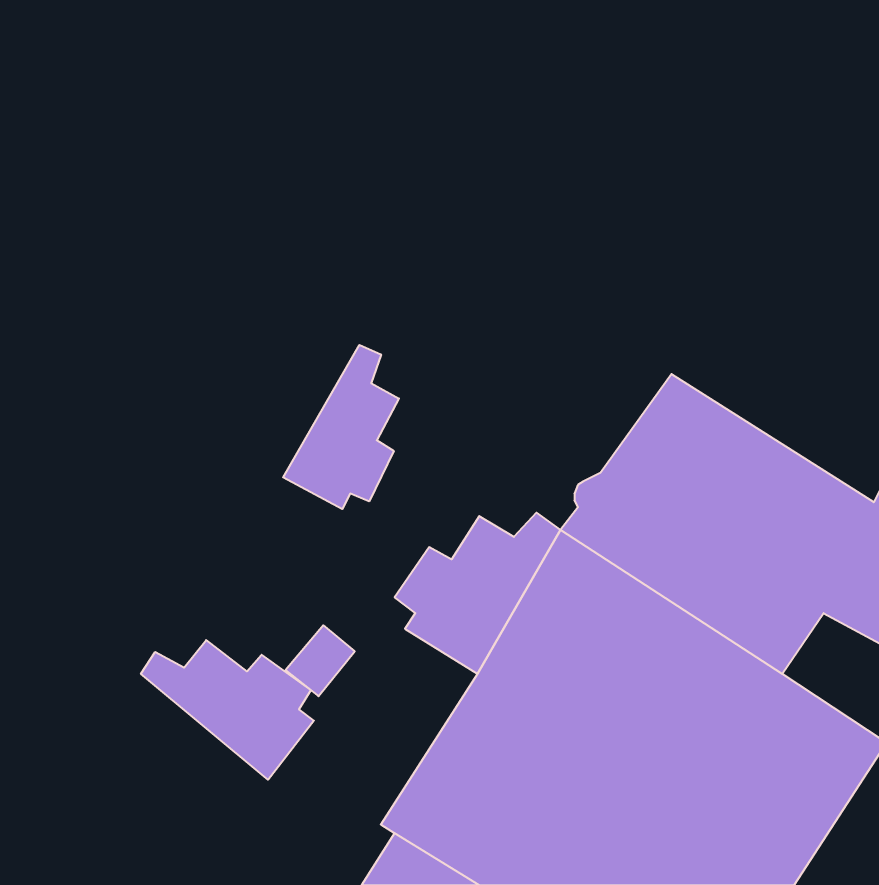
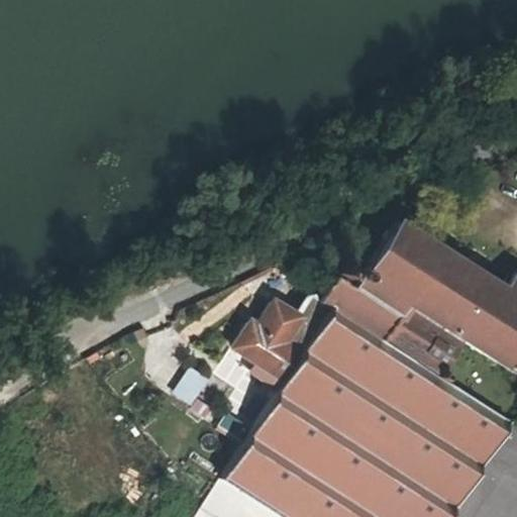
building: [283,345,399,509] -> none
building: [141,640,314,780] -> none

